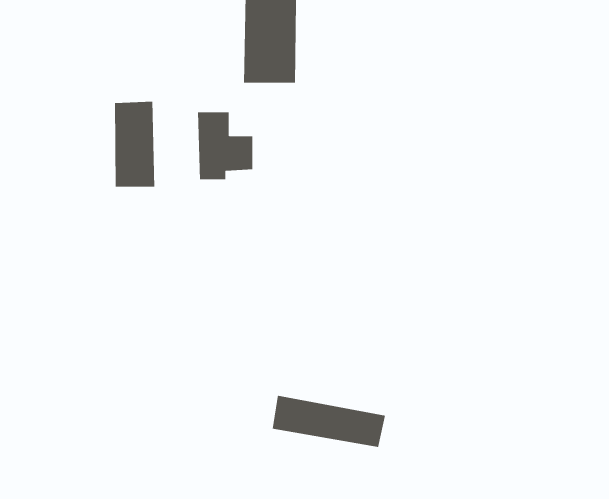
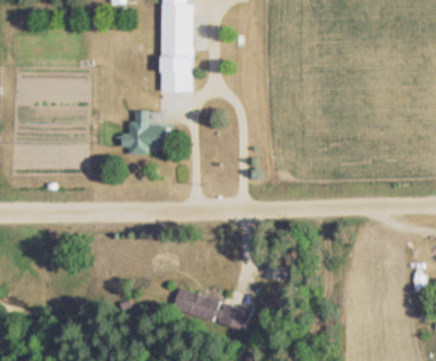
building: [115,101,155,187] -> none

